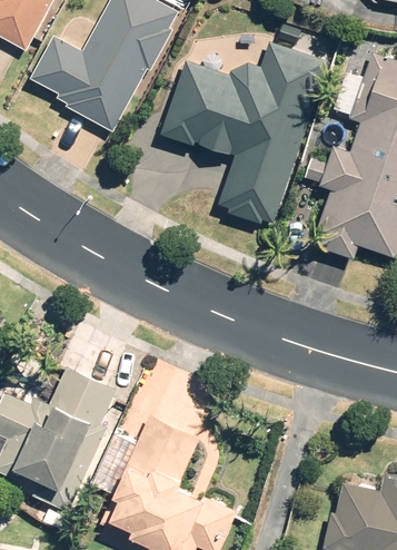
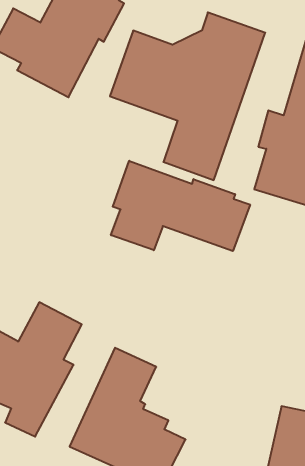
building: none -> [111,161,250,251]

